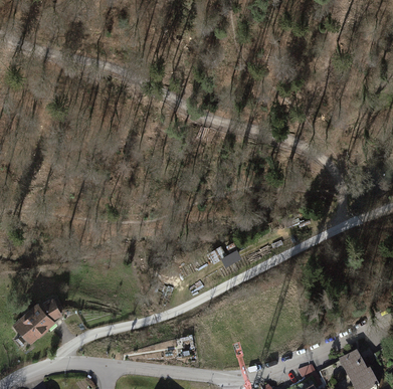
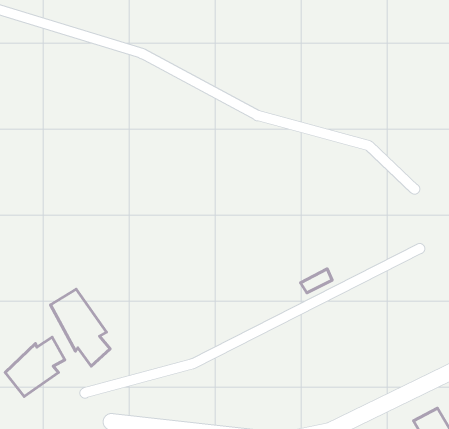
building: none -> [50,289,110,366]

